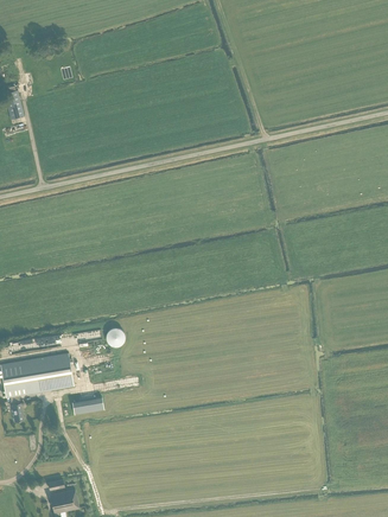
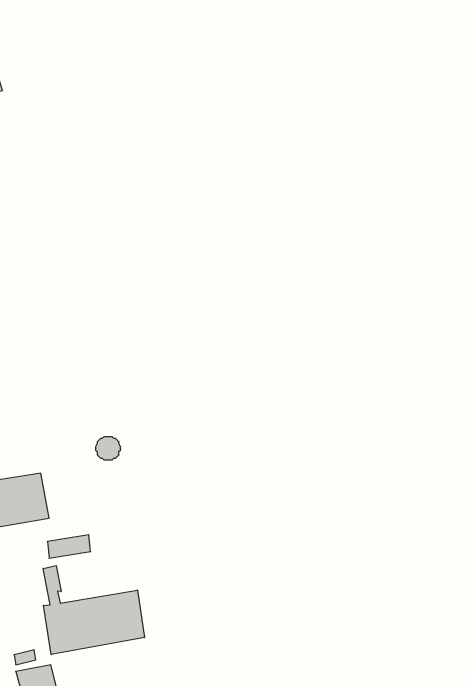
building: none -> [43,566,145,655]

